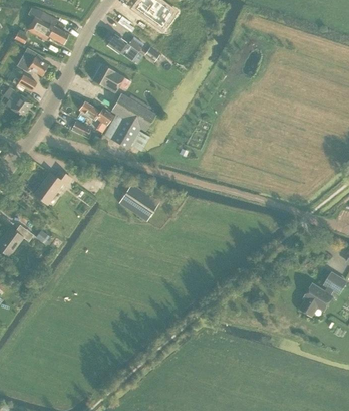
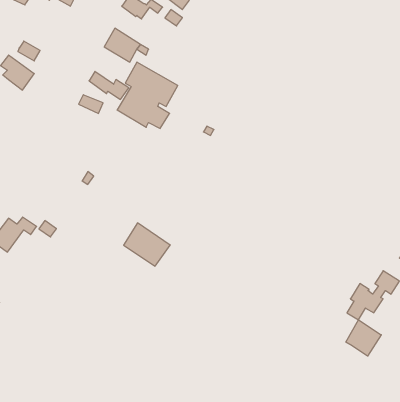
building: [16,47,48,75] -> none
building: [34,170,71,204] -> none
building: [119,183,159,220] -> [124,223,170,266]
building: none -> [346,320,381,356]

